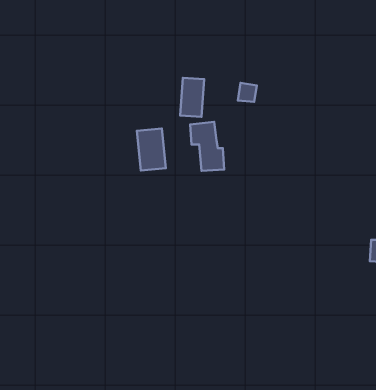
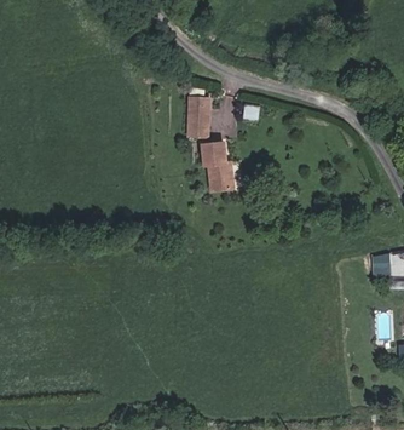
building: [137,128,166,171] -> none

